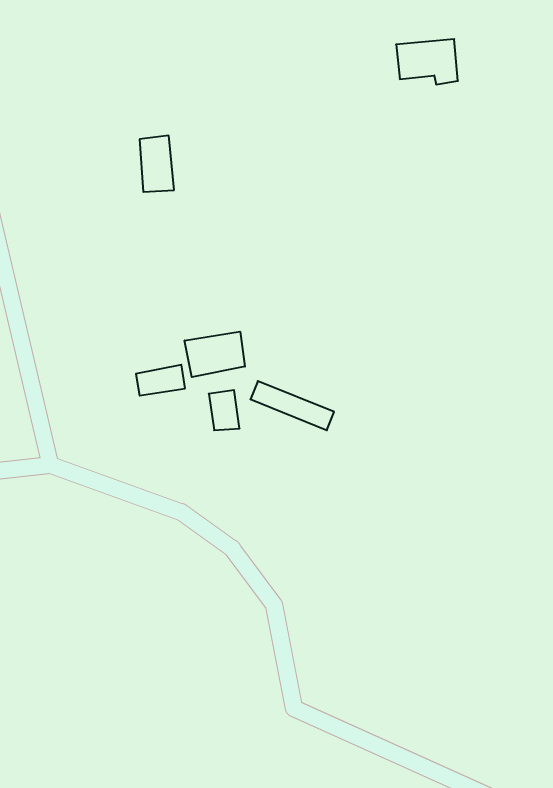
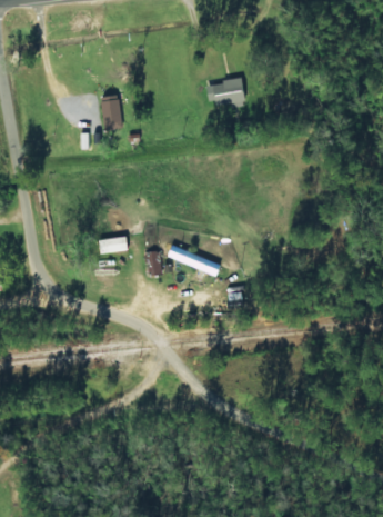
building: [396,39,458,84] -> [206,80,244,108]
building: [185,332,245,377] -> none

